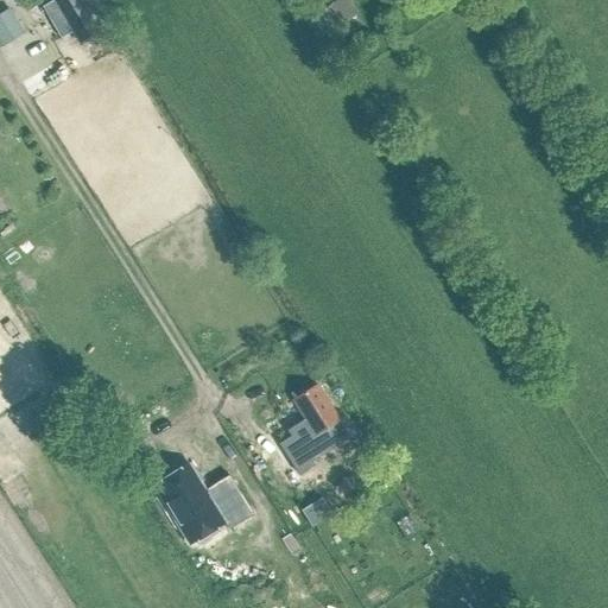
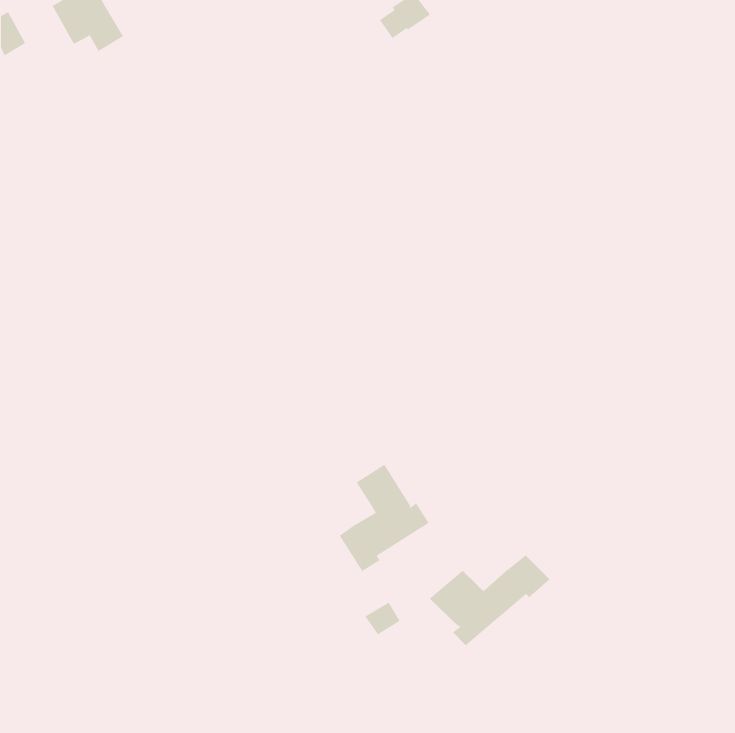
building: none -> [429,555,550,646]
building: [153,463,252,530] -> none

